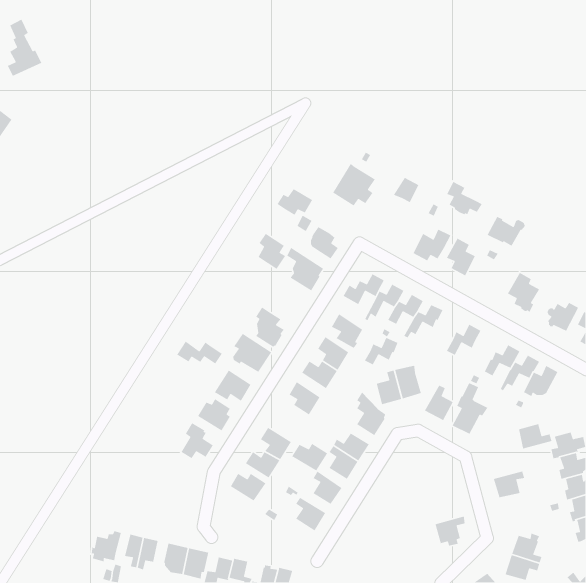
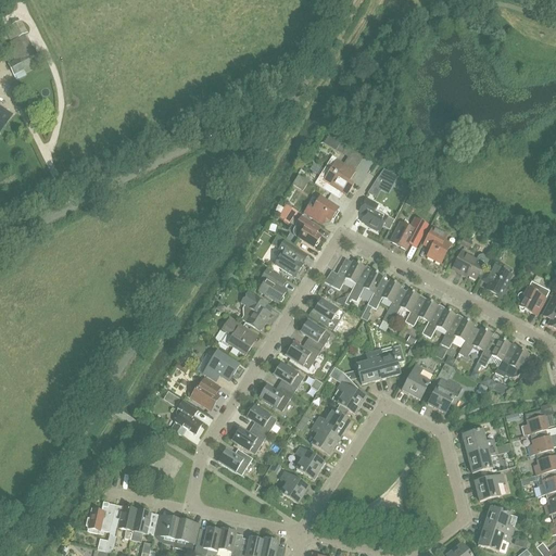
building: [446,181,483,215] -> [358,197,393,229]
building: [276,188,313,216] -> [303,195,338,222]
building: [487,216,526,247] -> [451,249,488,278]
building: [257,233,286,270] -> [258,267,286,302]
building: none -> [439,316,473,346]
building: [364,337,398,366] -> [404,298,437,325]
building: [176,341,223,364] -> none
building: [518,423,553,449] -> [462,428,494,453]
building: [291,443,328,471] -> [257,383,292,410]
building: [435,516,466,547] -> [473,472,503,502]

